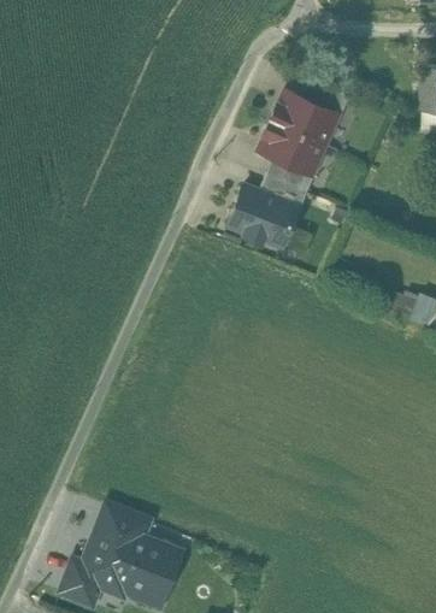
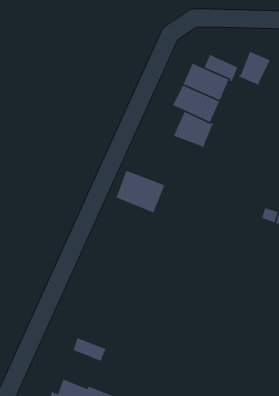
building: none -> [238,51,271,86]
building: [226,189,295,249] -> [116,170,165,214]
building: [99,508,146,542] -> [72,337,107,362]

